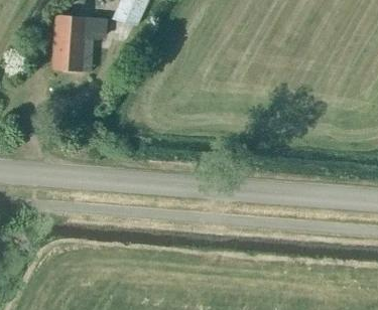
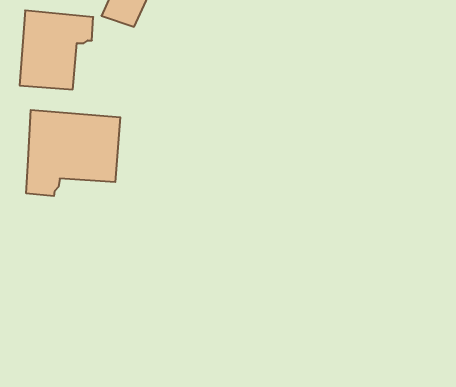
building: none -> [26,110,120,196]

